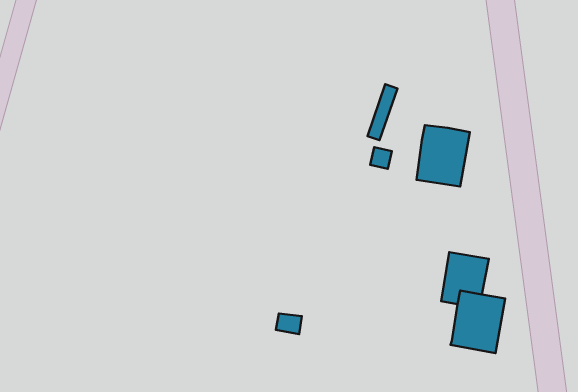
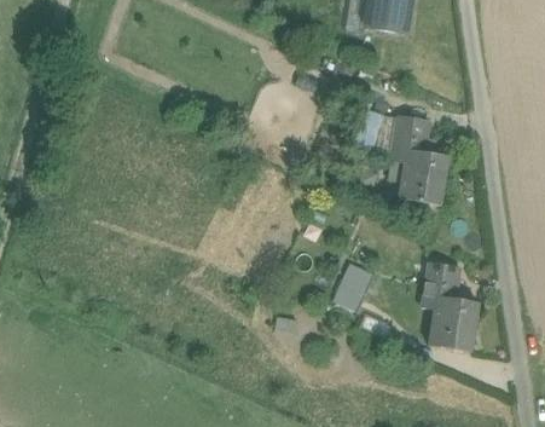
building: none -> [389,115,431,162]
building: none -> [334,262,375,310]

